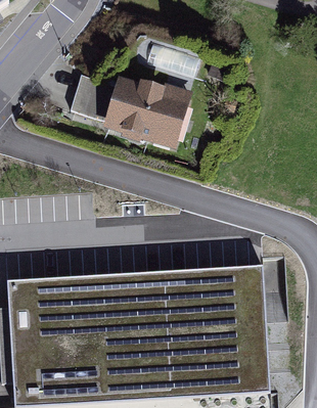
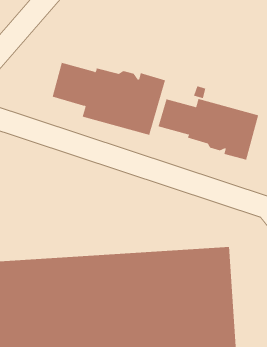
building: none -> [158,98,259,160]

